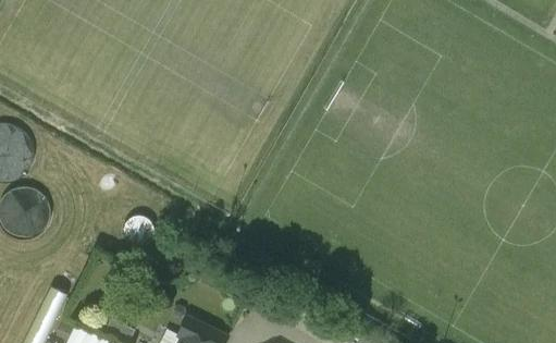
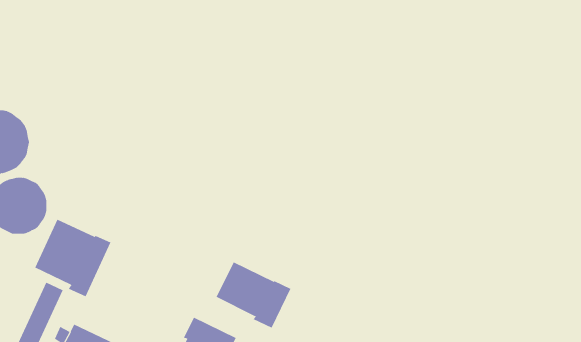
building: none -> [34,219,111,297]
building: none -> [216,261,291,329]

